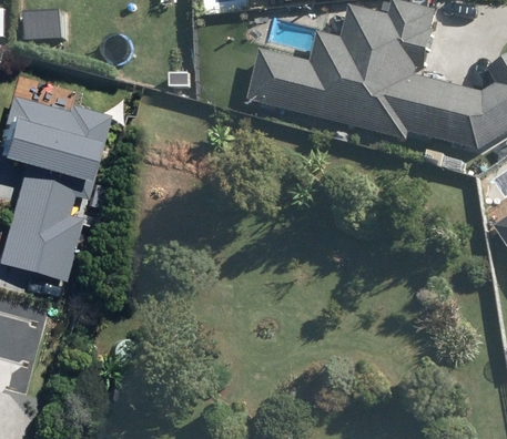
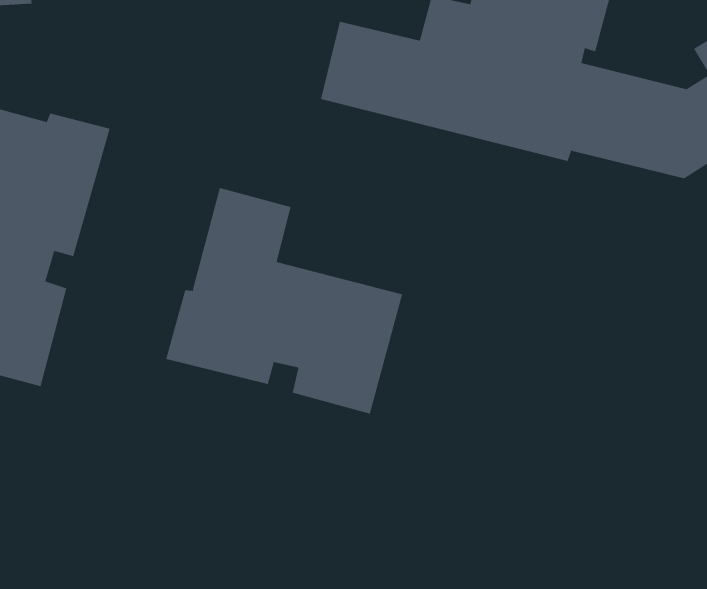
building: none -> [166,187,403,415]

